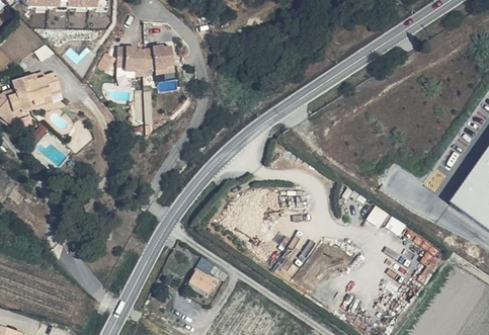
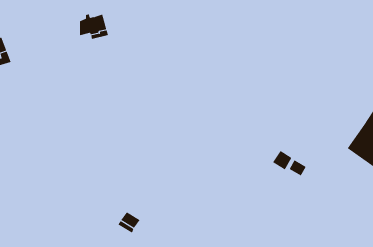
building: [113,48,142,72] -> none

